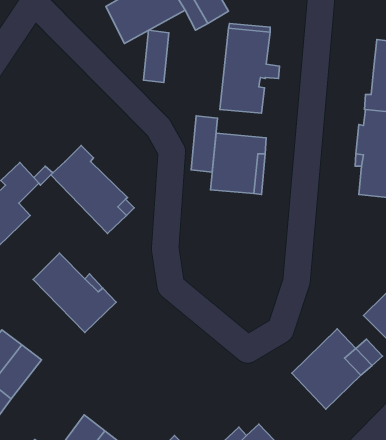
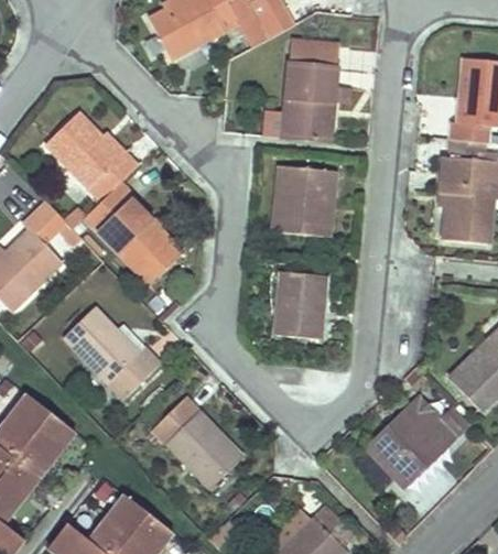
building: [143,30,169,82] -> none
building: none -> [46,115,136,199]
building: [191,116,217,172] -> none
building: none -> [273,272,326,339]
building: none -> [152,397,242,489]

